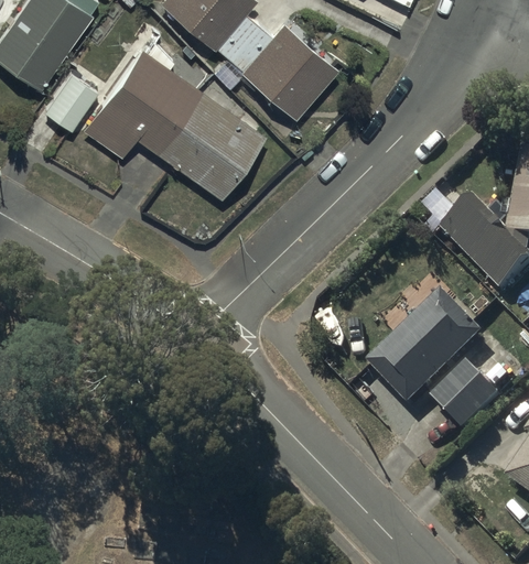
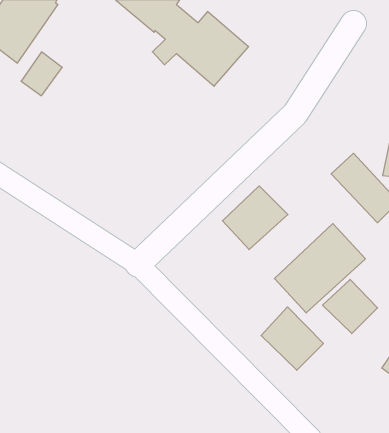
building: [84,48,264,197] -> none
building: none -> [222,186,288,250]
building: none -> [261,307,323,370]

